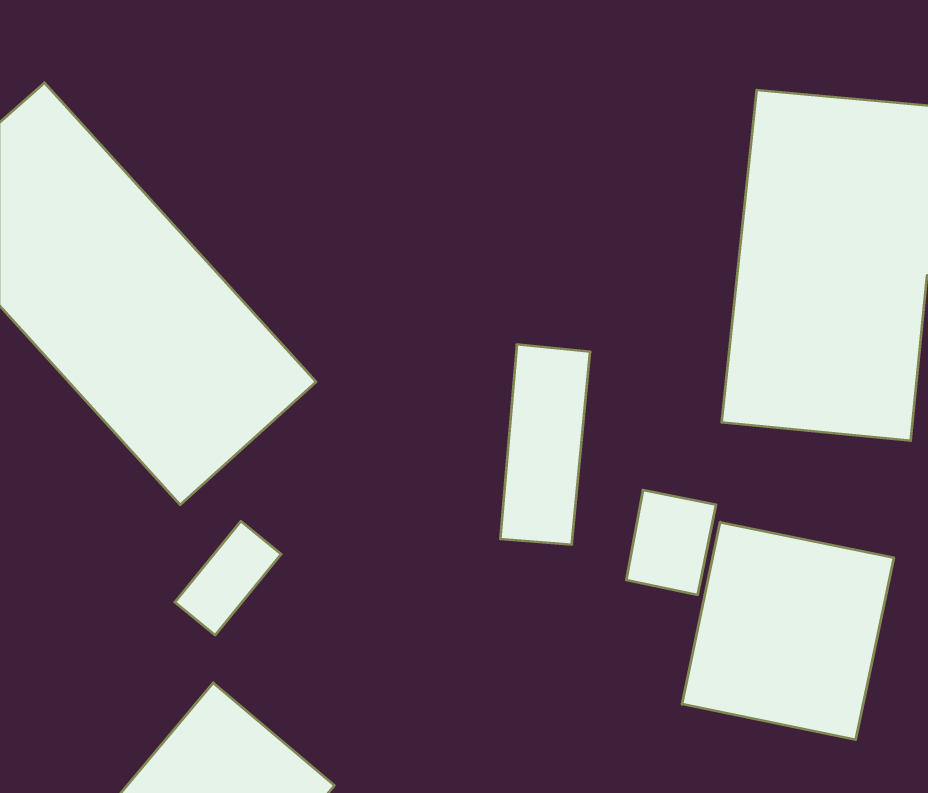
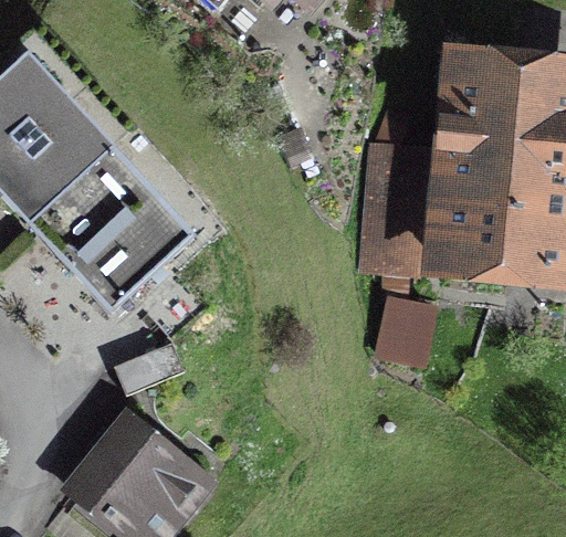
building: [500,345,590,544] -> [365,150,419,271]
building: [682,522,894,740] -> none

